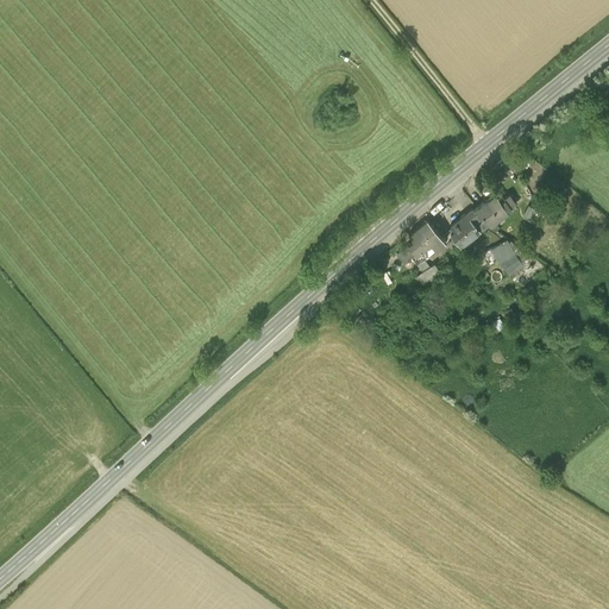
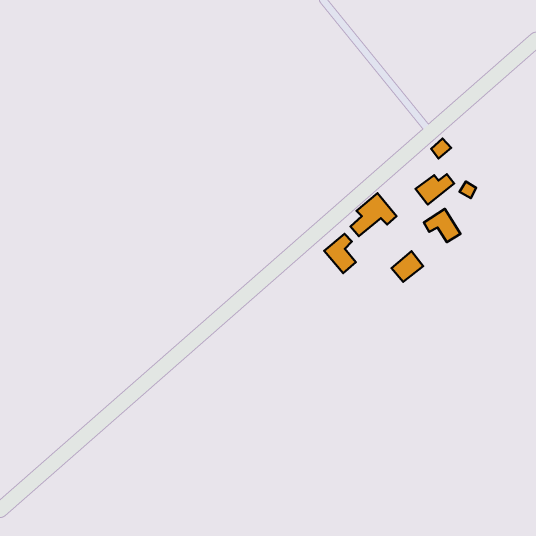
building: [448,214,484,249] -> [392,251,423,282]
building: none -> [324,234,356,273]

